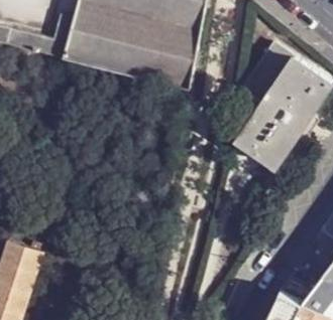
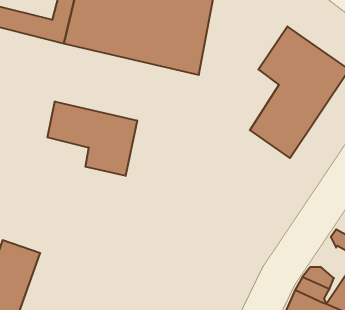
building: none -> [48,101,137,176]

